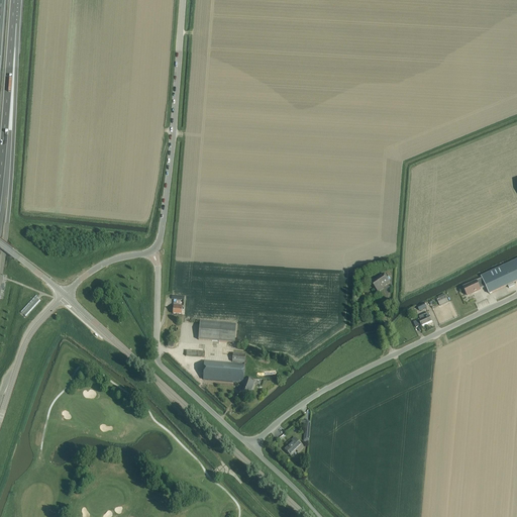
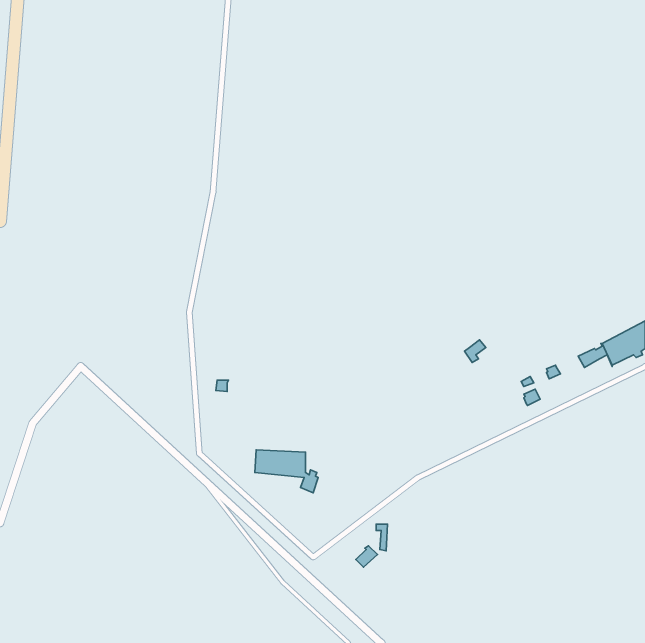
building: [199,320,236,341] -> none

